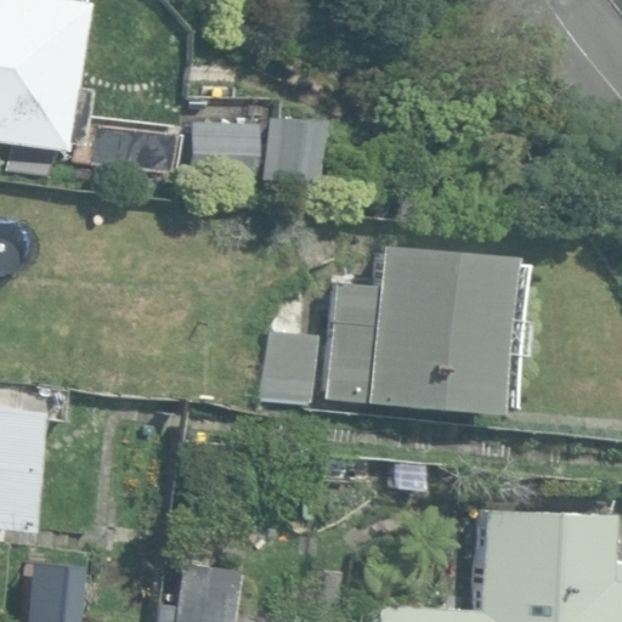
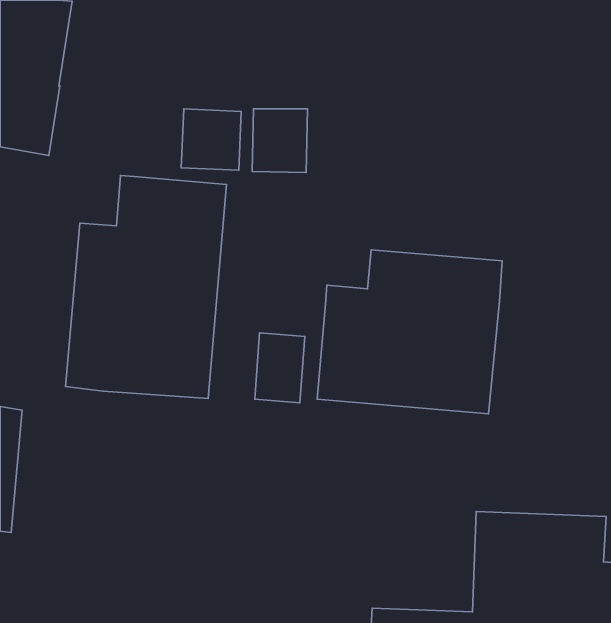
building: none -> [66,175,226,398]

